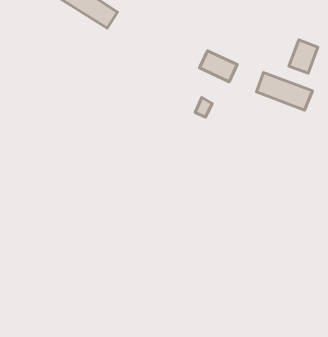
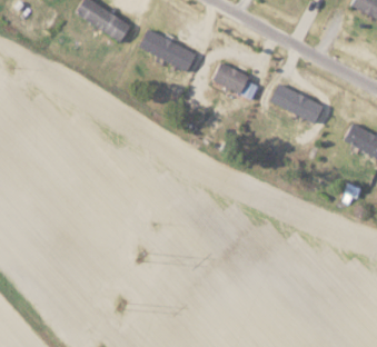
building: none -> [139,30,197,72]
building: [289,40,318,73] -> none

